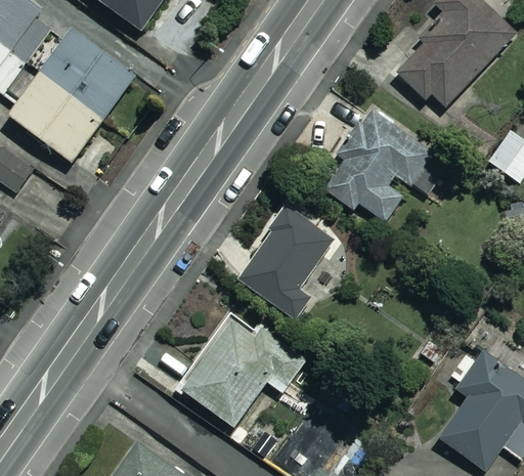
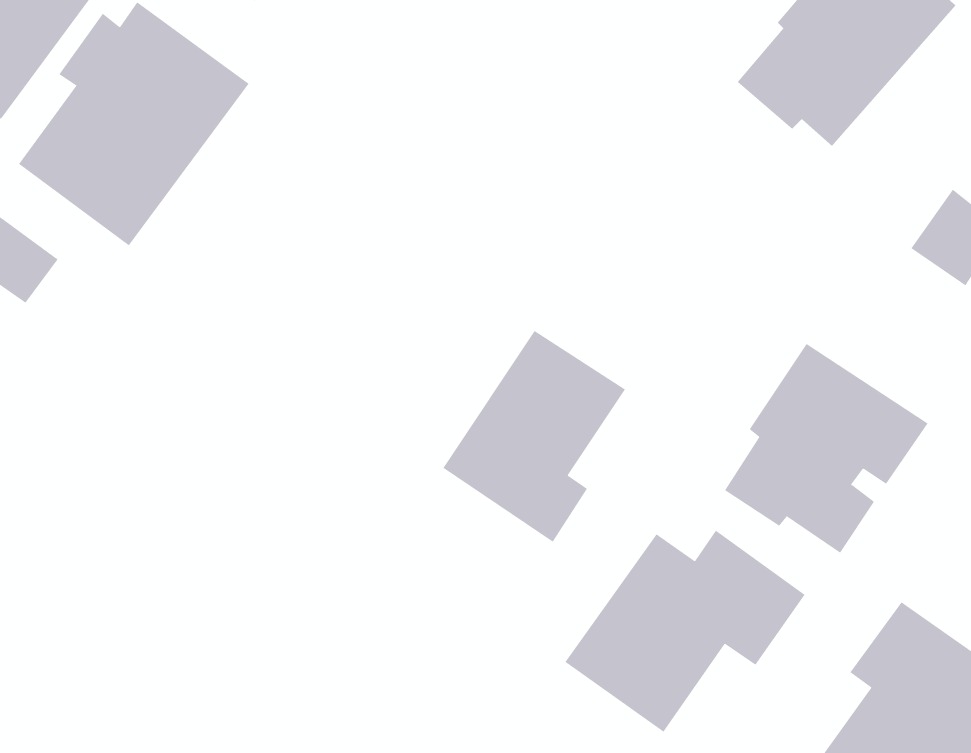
building: [323,110,433,222] -> [724,343,928,553]
building: [182,319,311,428] -> [565,530,805,732]

